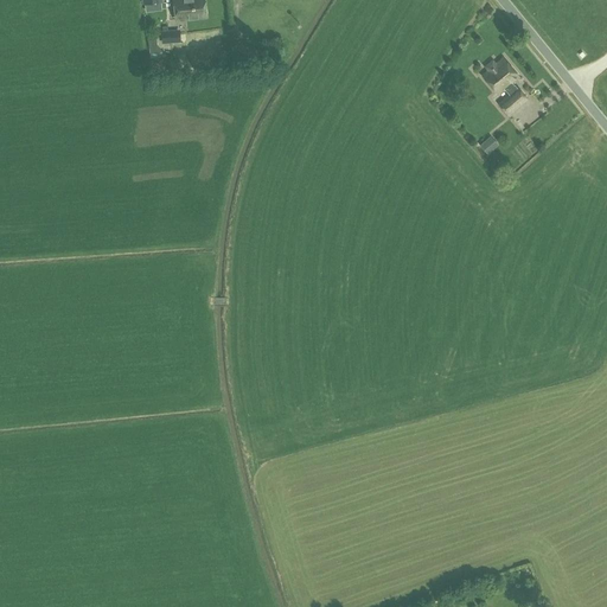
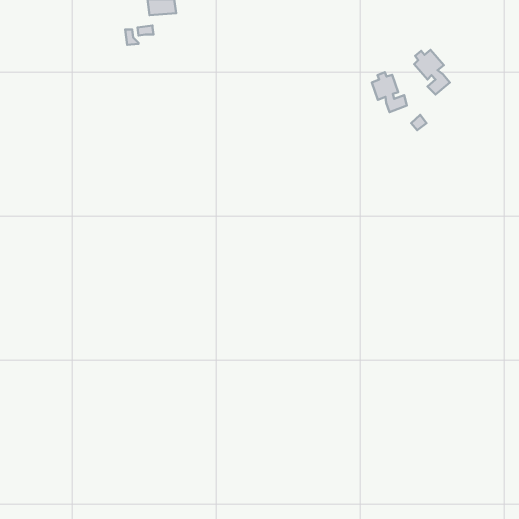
building: none -> [372,72,407,112]

